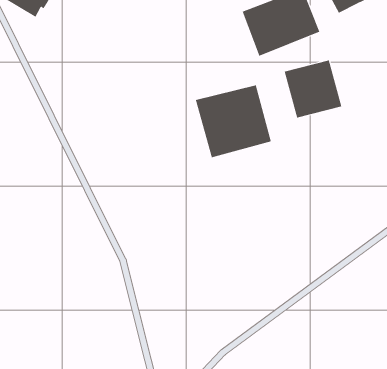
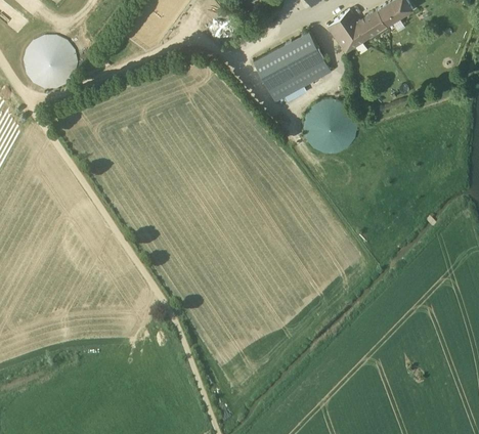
building: [195,84,272,158] -> none

